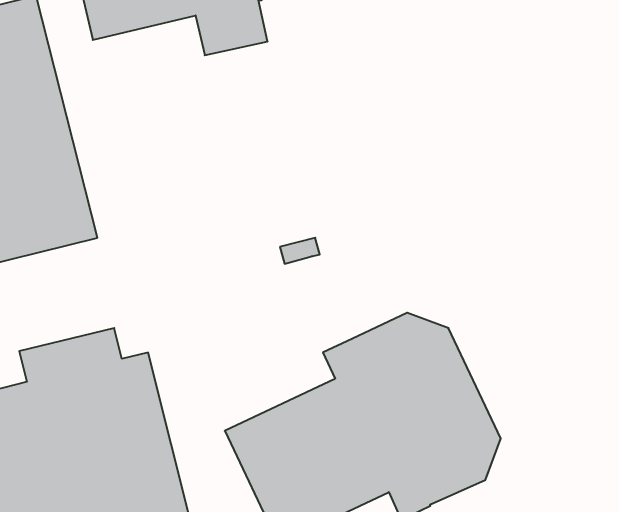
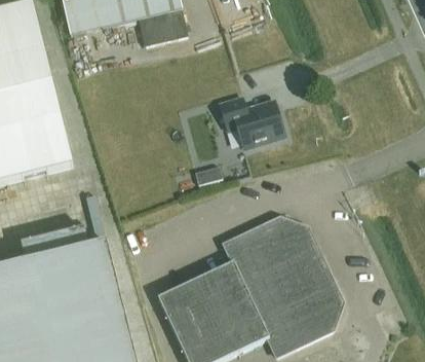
building: none -> [219,97,284,145]

